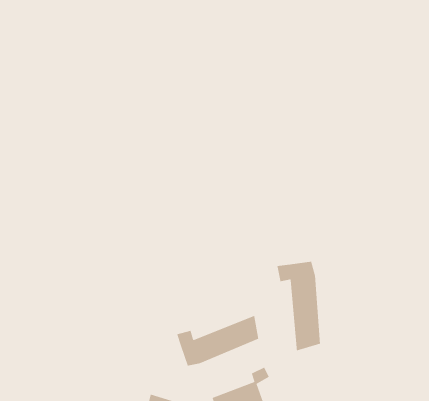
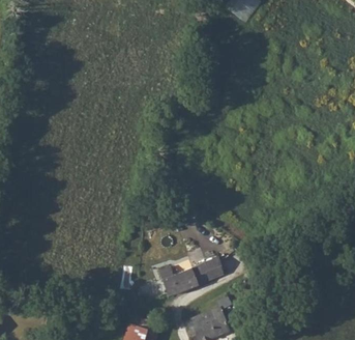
building: [277,261,321,352] -> none

